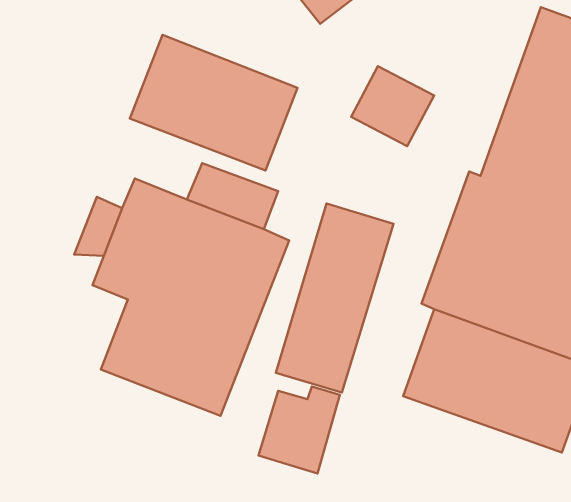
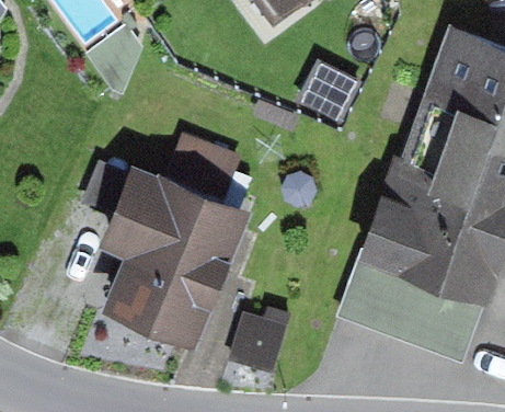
building: [130,35,298,170] -> none
building: [276,203,393,393] -> none

